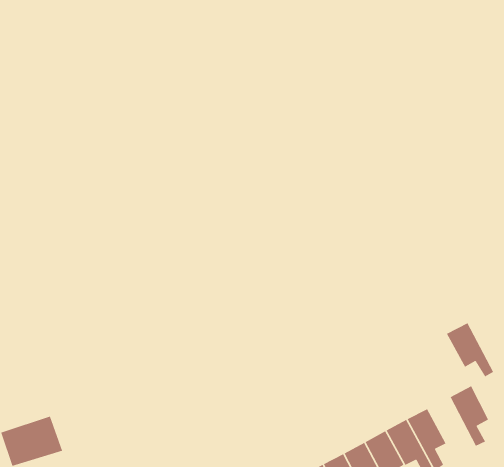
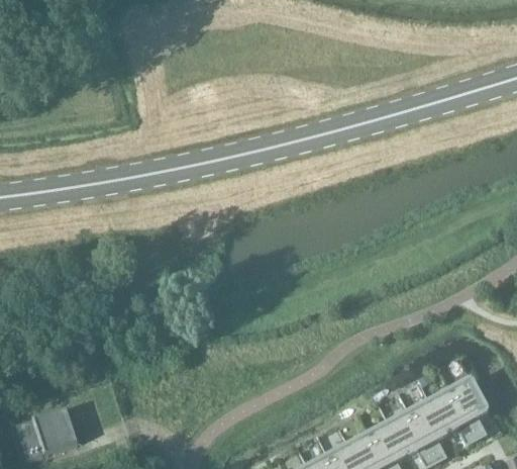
building: [446,322,494,378] -> [428,389,475,443]

